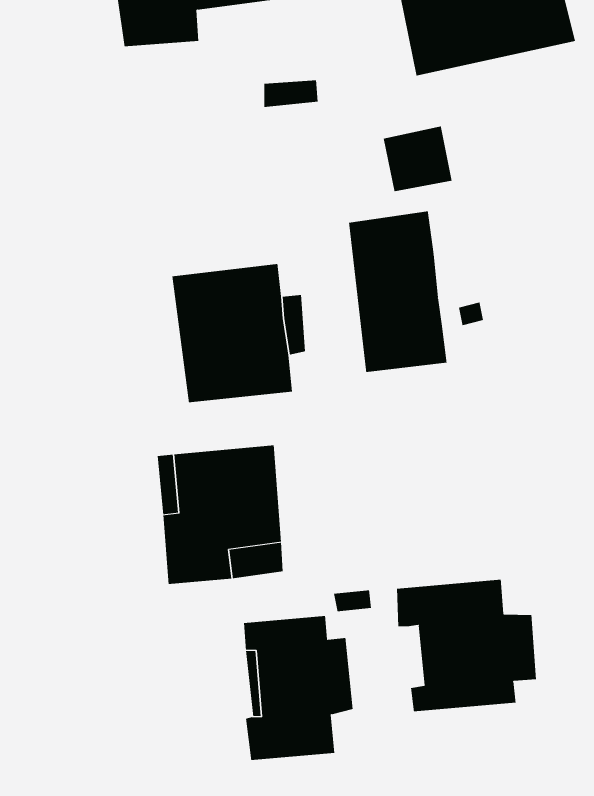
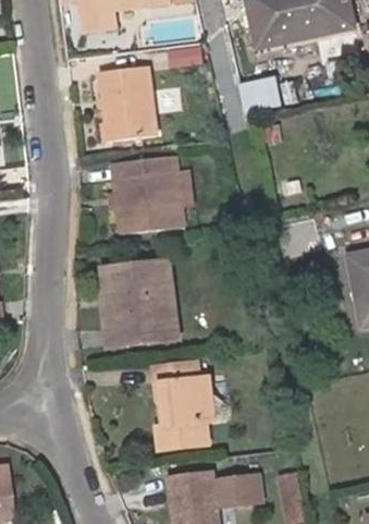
building: none -> [98,68,152,143]
building: [349,211,447,373] -> none
building: [396,579,537,712] -> none

